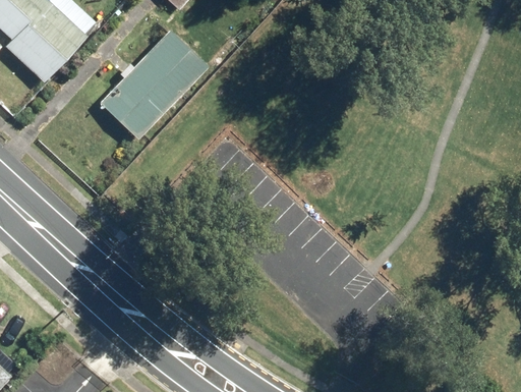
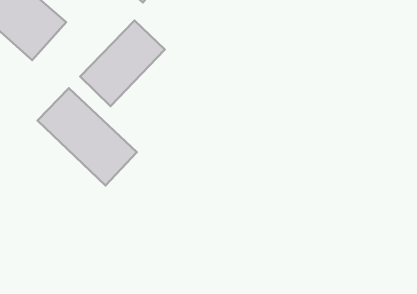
building: none -> [38,88,137,185]

